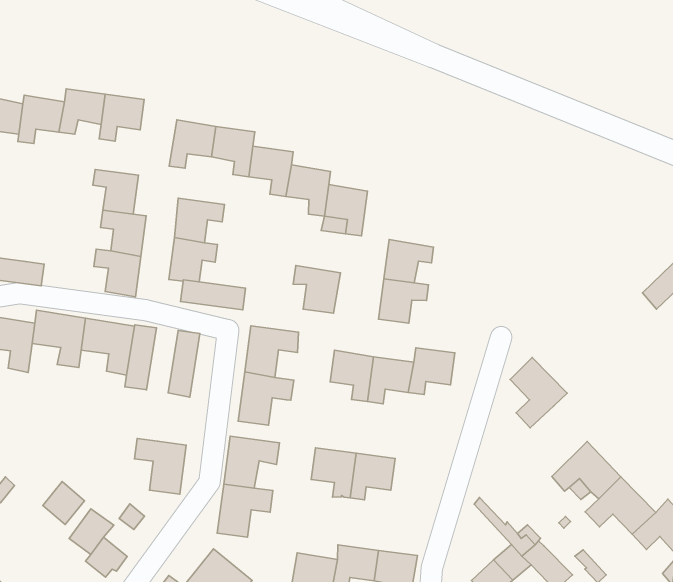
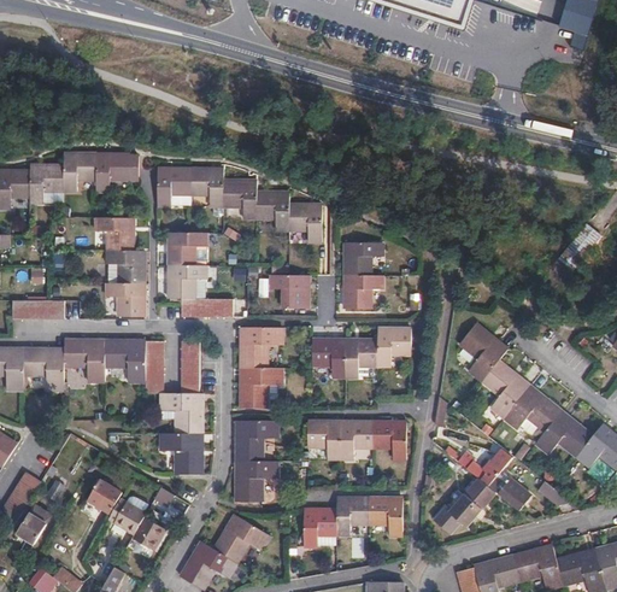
building: none -> [160,392,201,433]
building: none -> [481,361,529,418]
building: none -> [374,421,406,459]

